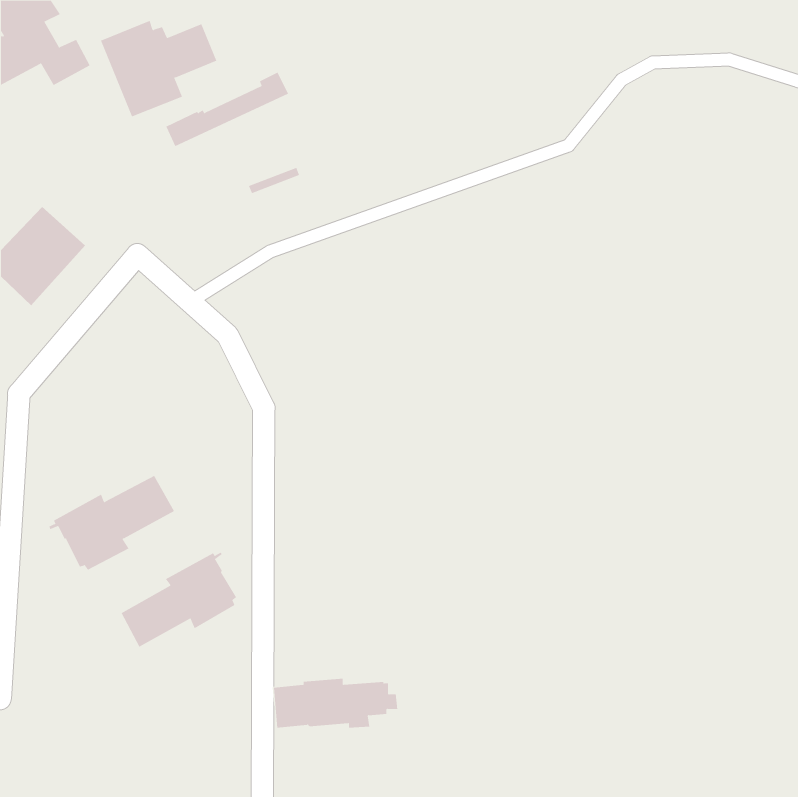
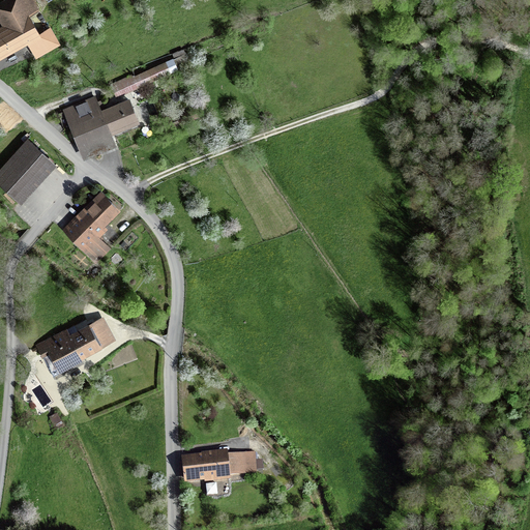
building: [100,20,217,117] -> [62,95,140,159]
building: none -> [61,189,121,264]
building: [121,552,237,647] -> none

